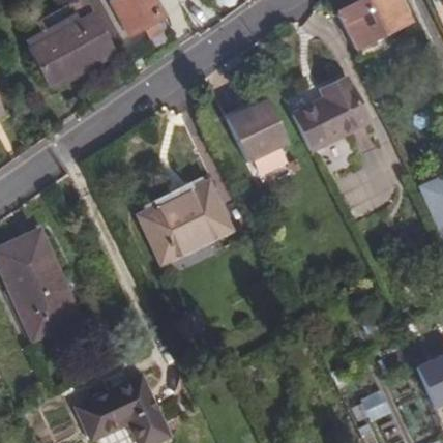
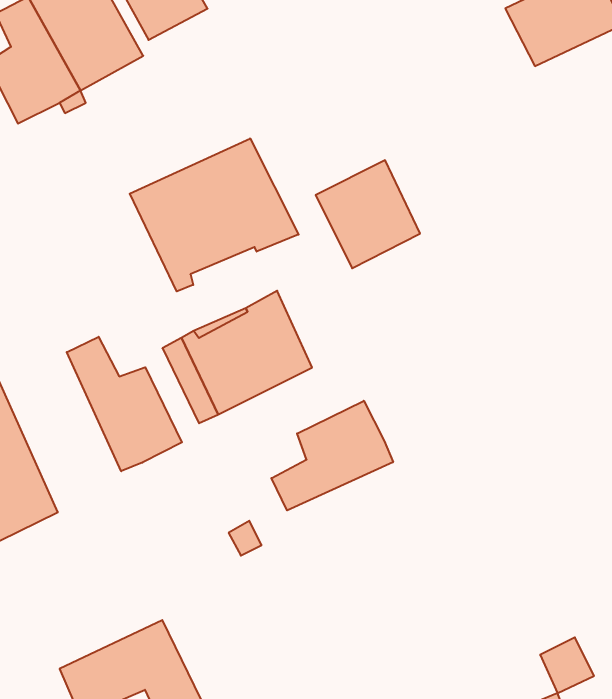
building: [292,77,366,149] -> none
building: none -> [130,138,299,291]
building: none -> [67,337,182,471]
building: none -> [271,401,393,510]

